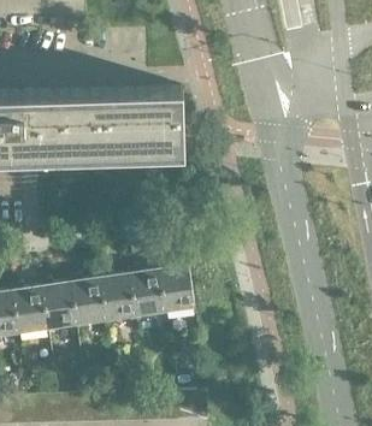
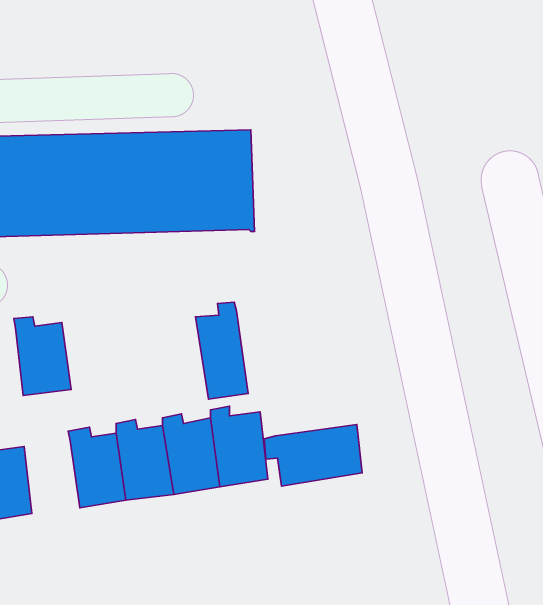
building: none -> [196,302,248,399]
building: none -> [264,425,362,486]
building: [37,283,73,332] -> [14,317,71,395]

